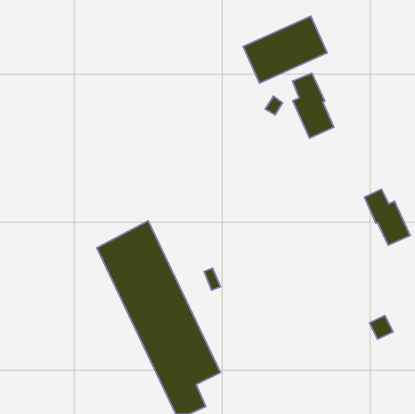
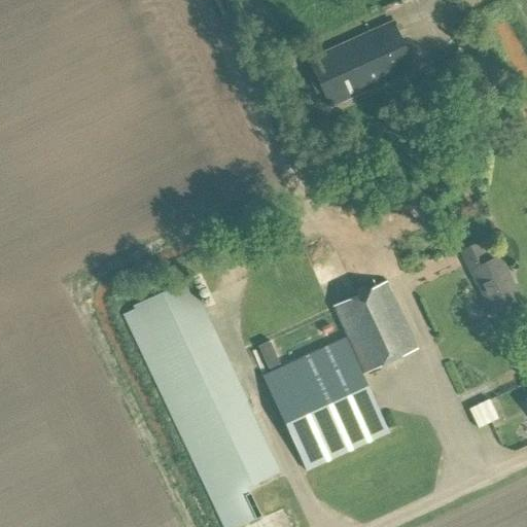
building: [292,73,334,138] -> none
building: none -> [262,279,418,469]

